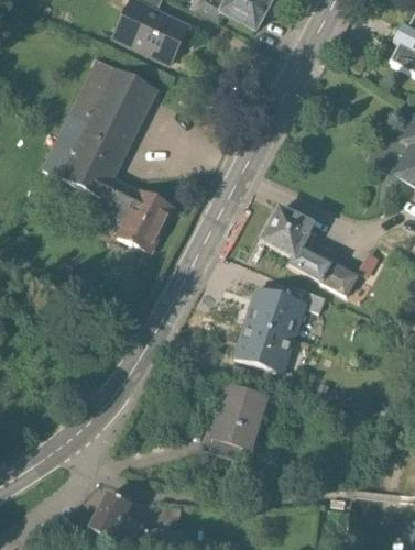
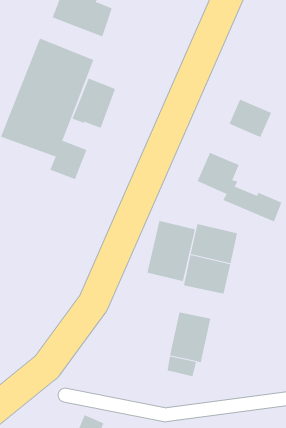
building: none -> [229,99,272,138]
building: [117,189,171,249] -> [72,78,116,129]
building: none -> [147,220,195,282]

